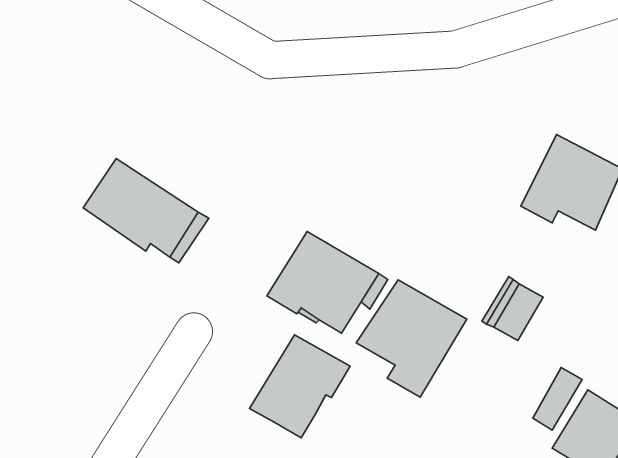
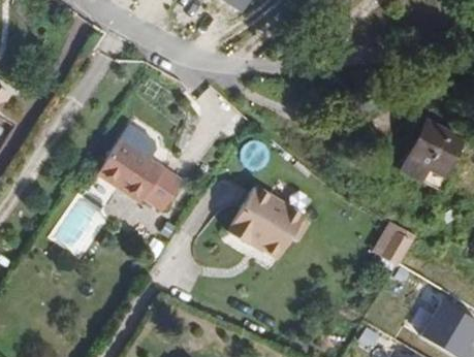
building: [356,280,467,397] -> none
building: [249,335,350,438] -> none

